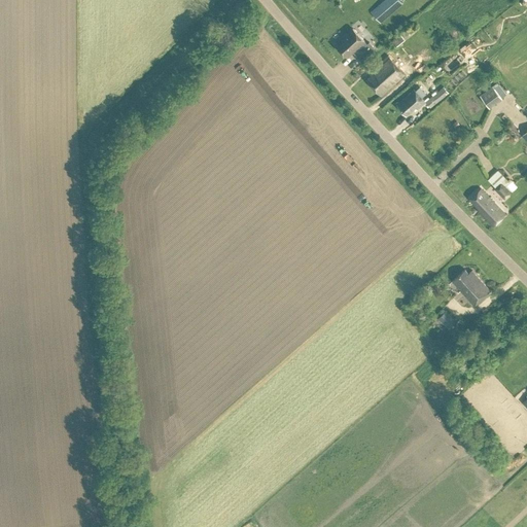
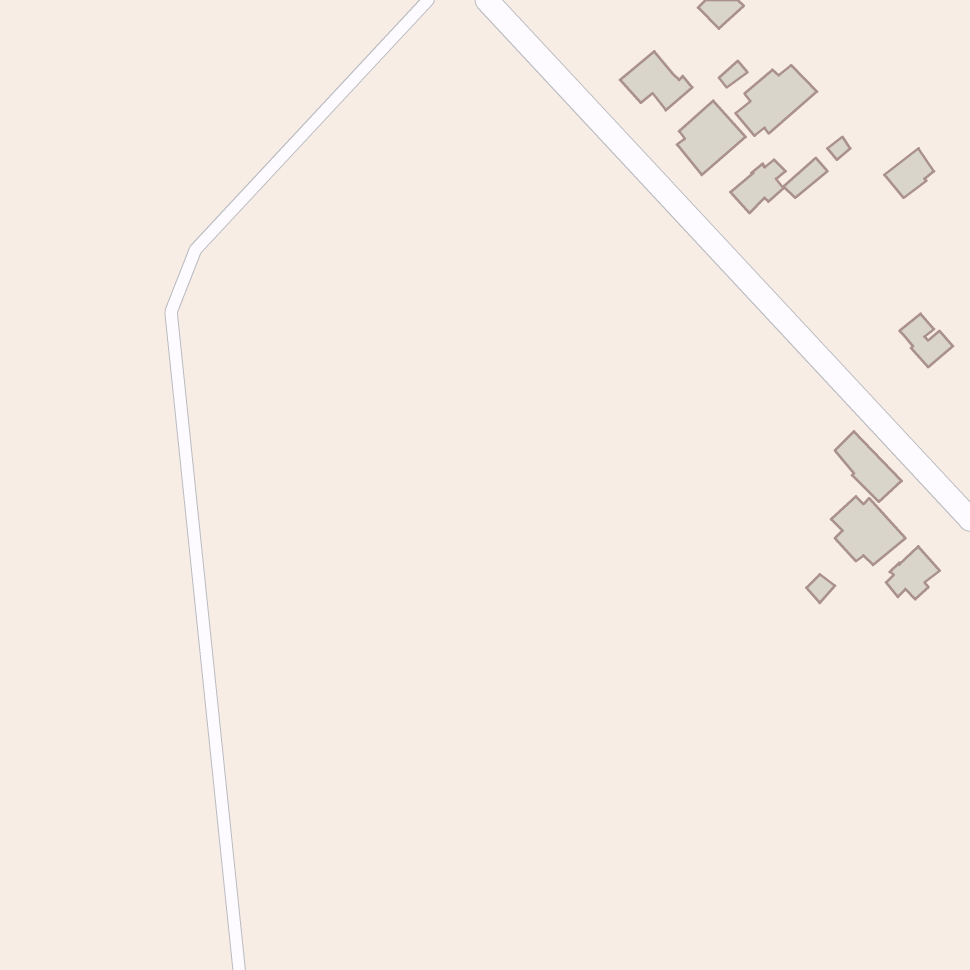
building: none -> [736,65,817,136]
building: [469,188,505,226] -> [835,431,902,502]
building: none -> [886,546,940,599]

